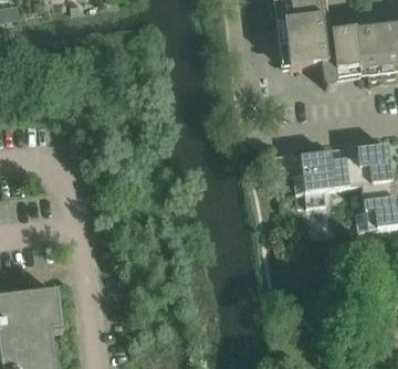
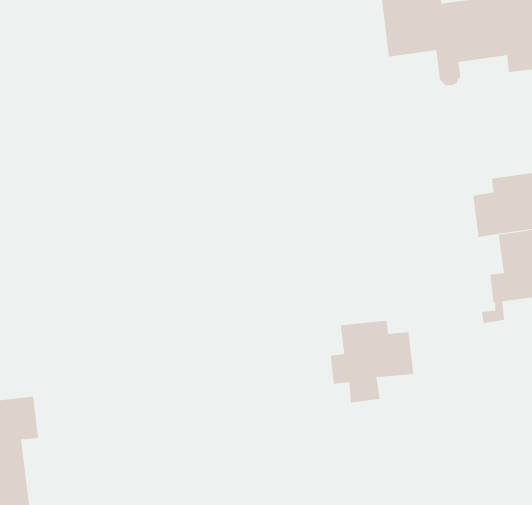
building: [293,151,348,205] -> [330,320,414,403]

